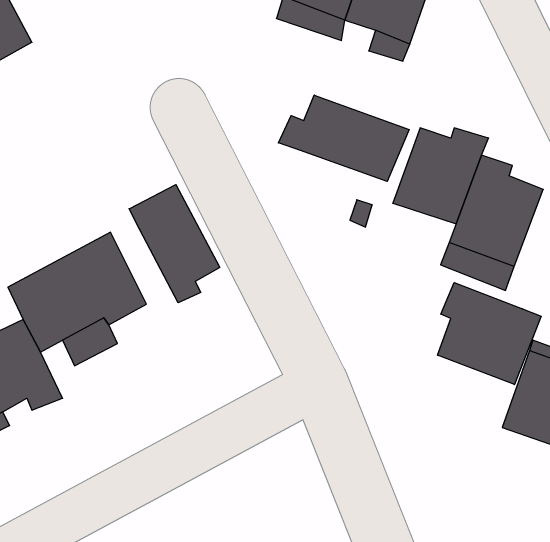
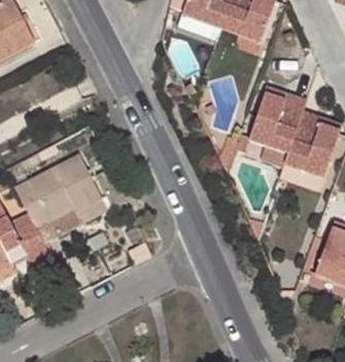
building: [278,95,409,181] -> none
building: [129,185,220,303] -> none
building: [438,283,541,385] -> none

